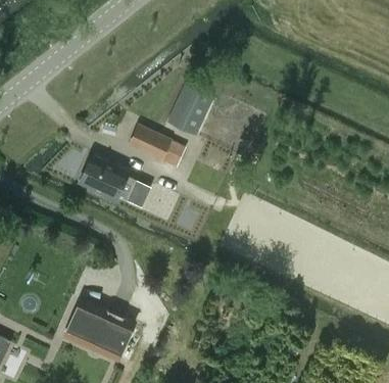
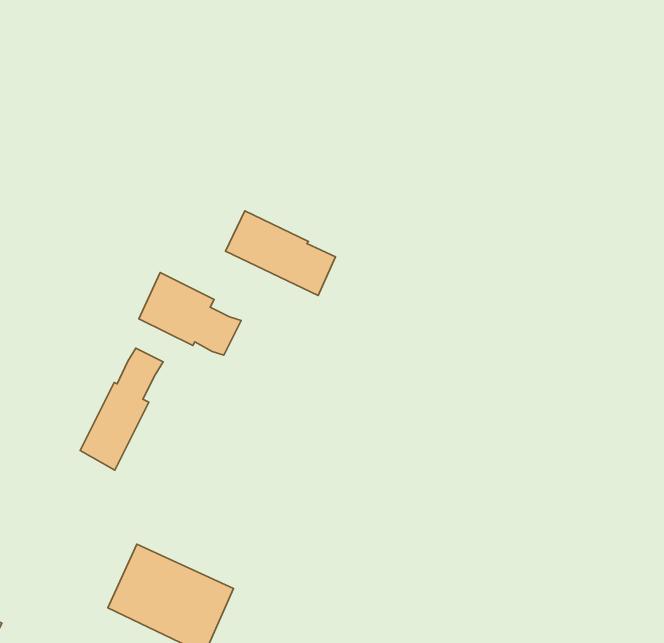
building: [166,85,212,135] -> none
building: none -> [80,348,163,470]

